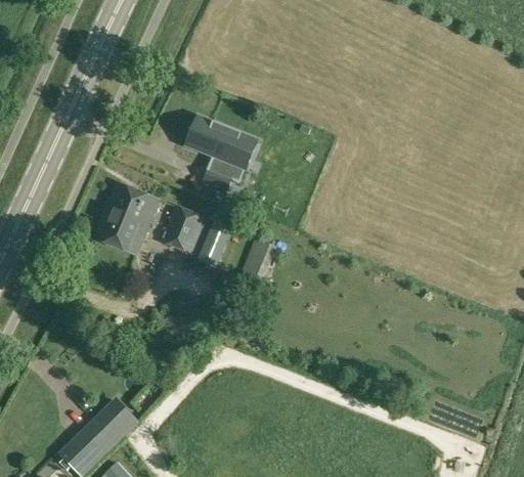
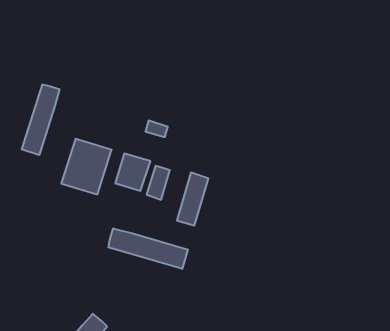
building: none -> [22,84,59,155]
building: [186,117,257,171] -> none
building: none -> [108,228,188,269]

